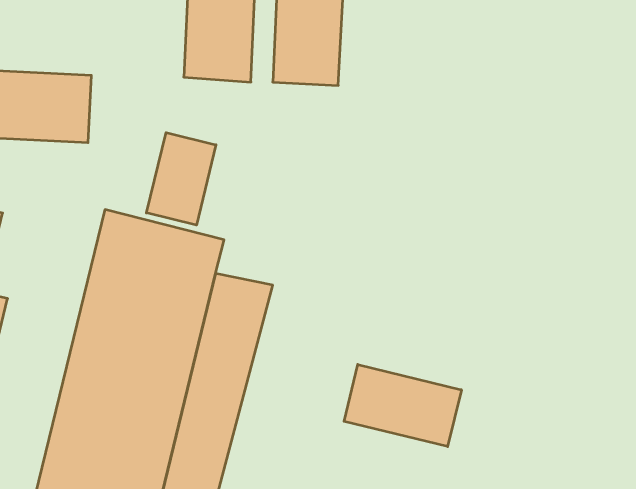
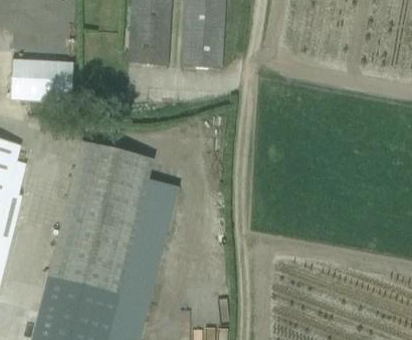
building: [146,133,216,225] -> none
building: [344,364,461,447] -> none

